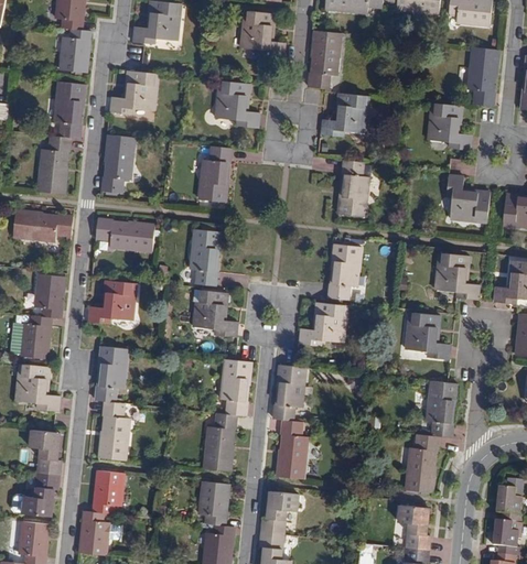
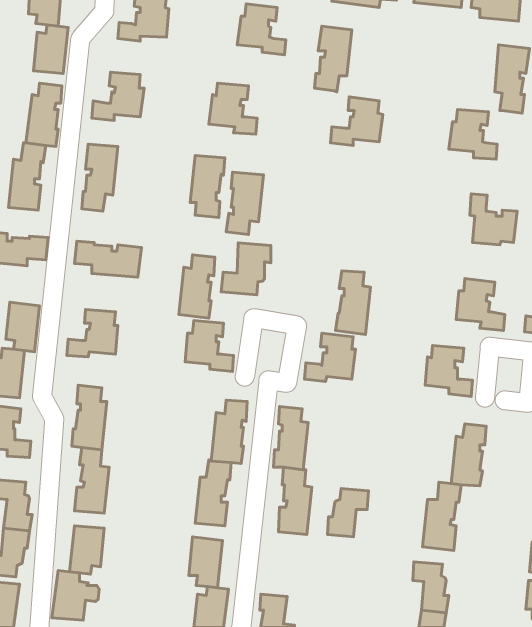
building: [338,159,372,214] -> [226,172,264,234]
building: none -> [221,243,271,295]
building: [261,491,298,534] -> [327,488,368,537]

